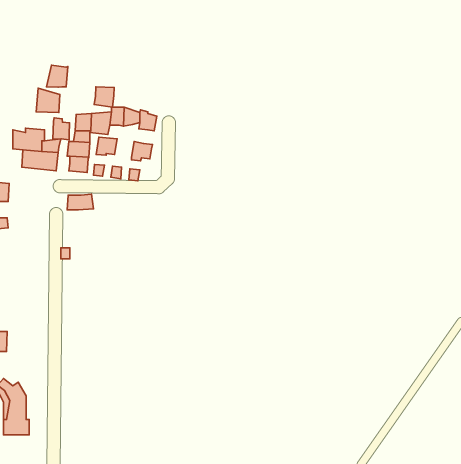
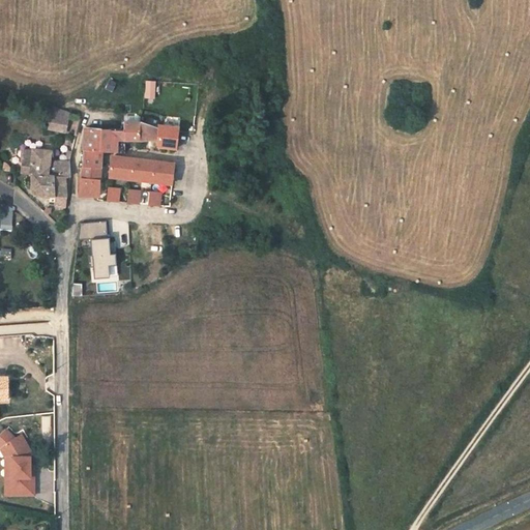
building: [46,65,68,87] -> none
building: [94,87,114,107] -> none
building: [53,118,70,140] -> none
building: none -> [130,158,153,180]
building: none -> [87,238,114,277]

